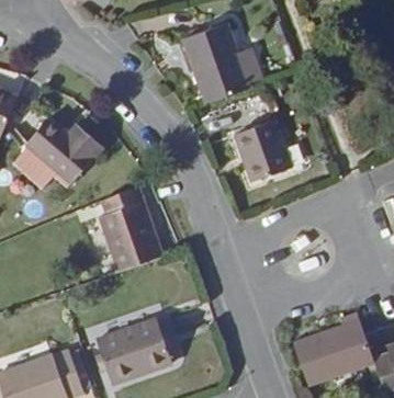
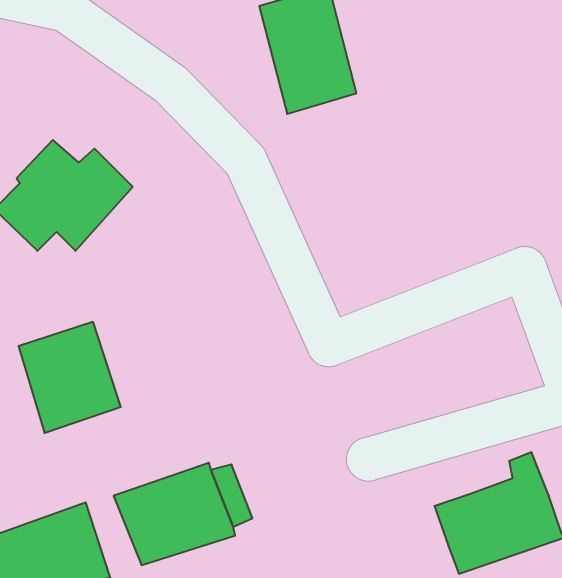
building: [235,114,290,179] -> none
building: [95,201,160,271] -> [18,322,121,433]

